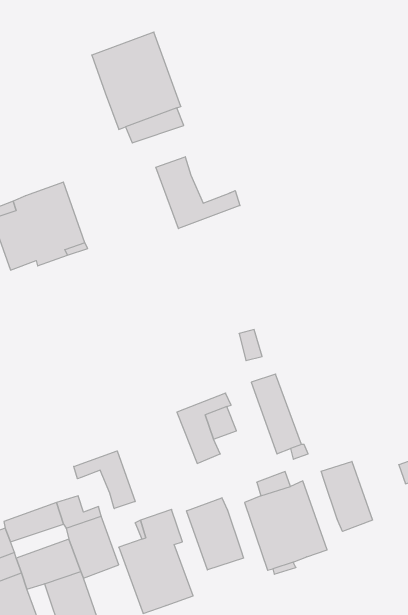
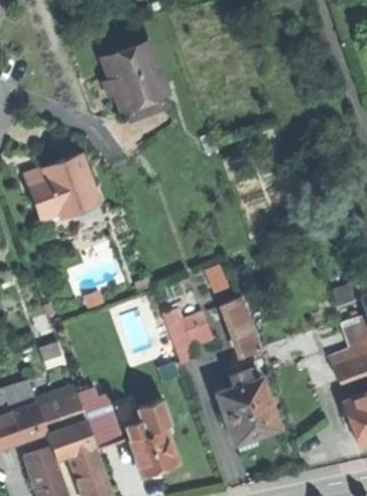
building: [156,157,240,229] -> none
building: [74,451,135,509] -> none
building: [321,461,373,531] -> none
building: [187,498,244,570] -> none

